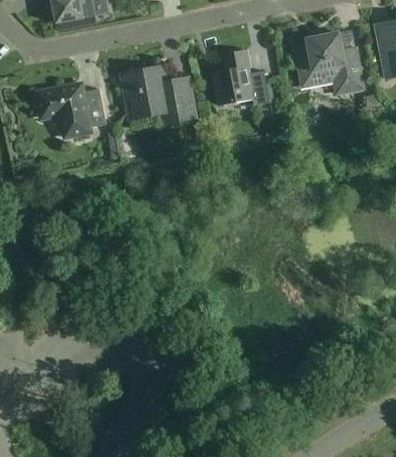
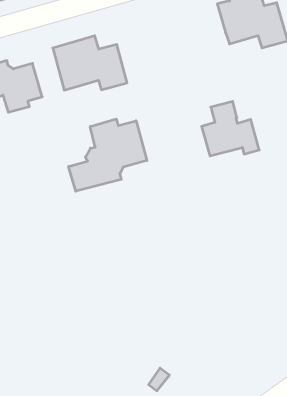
building: [212,49,269,105] -> [202,101,259,156]
building: none -> [69,119,147,191]

